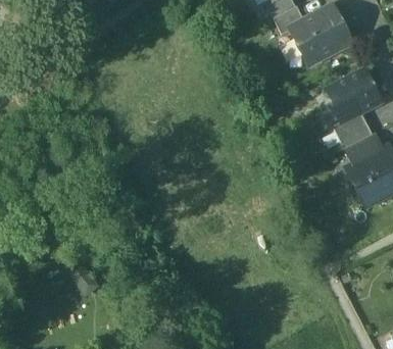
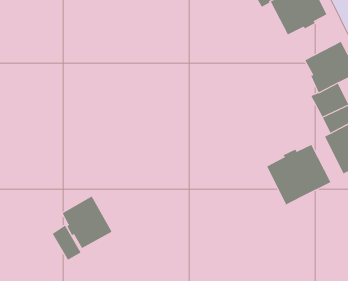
building: none -> [266,144,331,205]
building: none -> [62,196,113,249]

